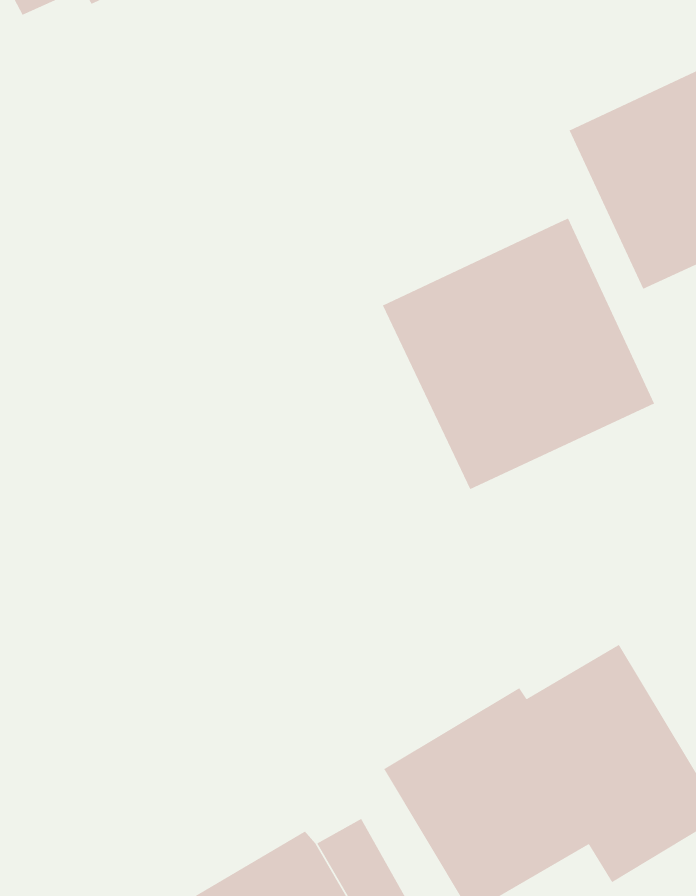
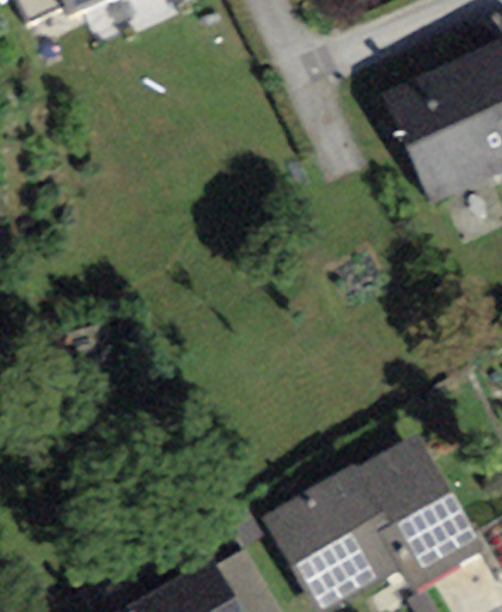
building: [382,217,655,490] -> none

